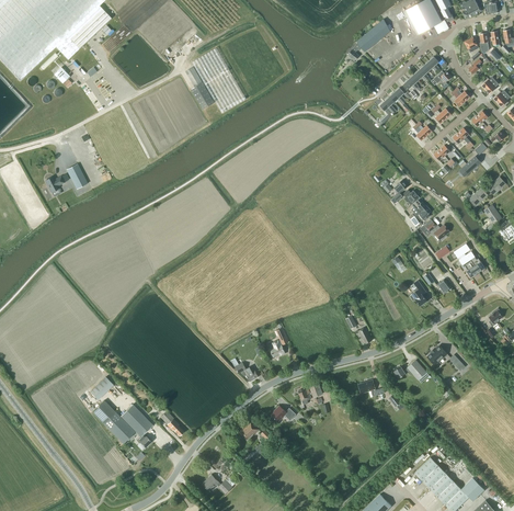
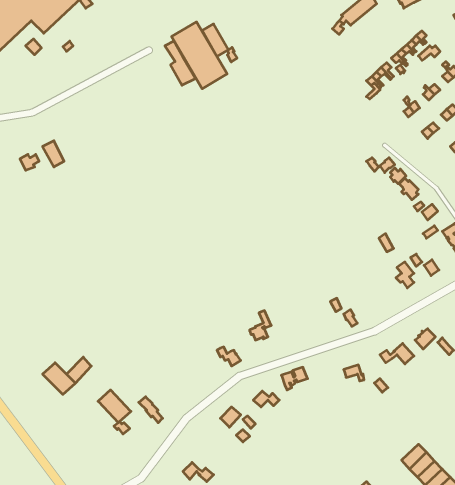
building: none -> [202,24,237,62]
building: [103,412,135,443] -> [43,363,75,394]

